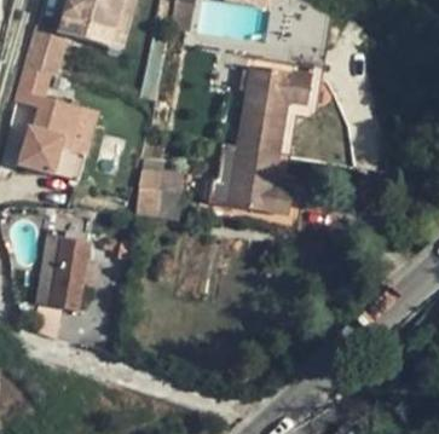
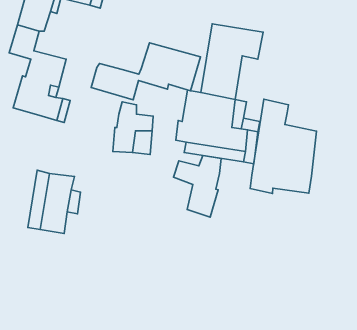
building: none -> [91,43,201,100]
building: none -> [250,99,316,194]
building: none -> [174,156,221,217]

